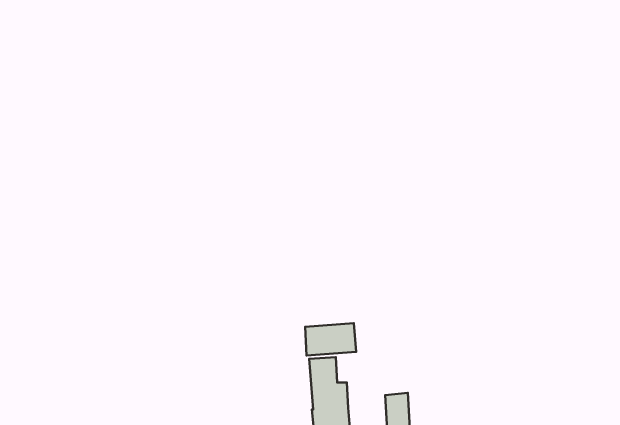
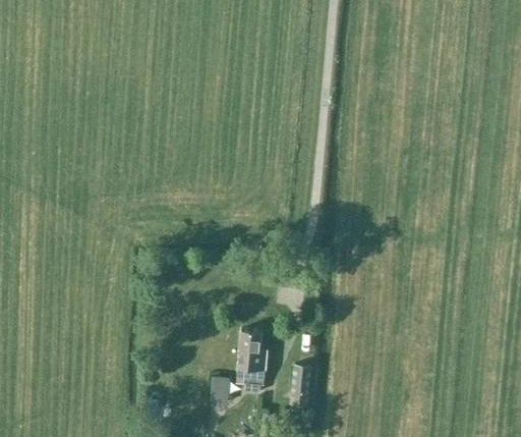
building: [305,323,356,355] -> none

